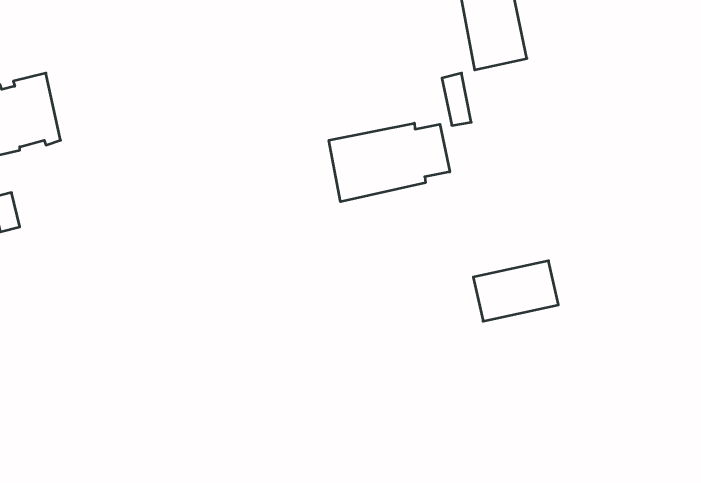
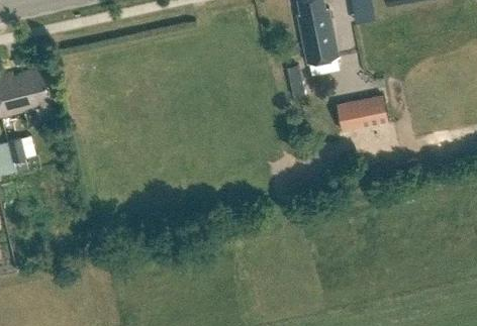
building: [329,123,450,202] -> none
building: [473,261,558,321] -> [337,94,389,131]

